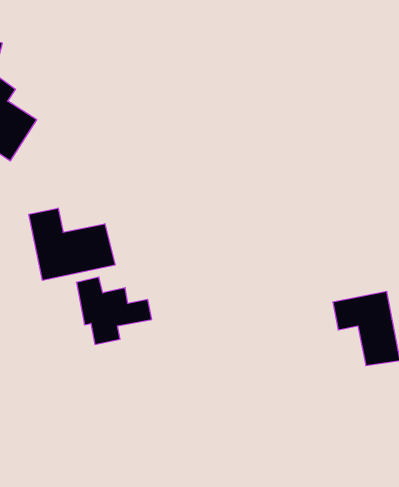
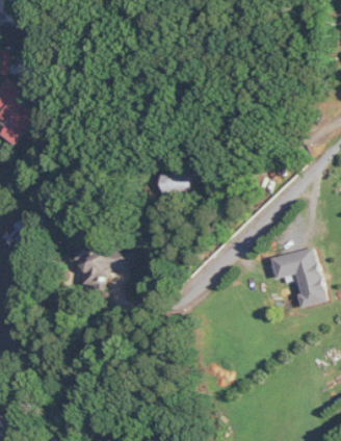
building: none -> [159,174,187,192]
building: [29,208,115,280] -> none

